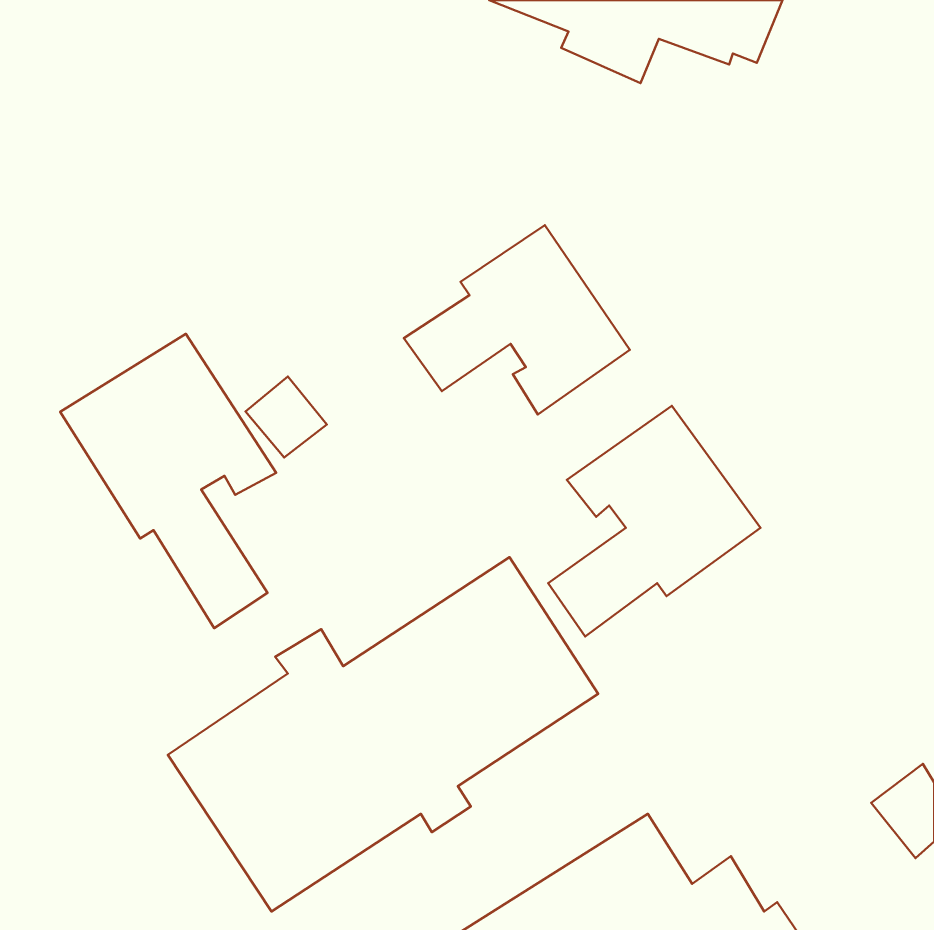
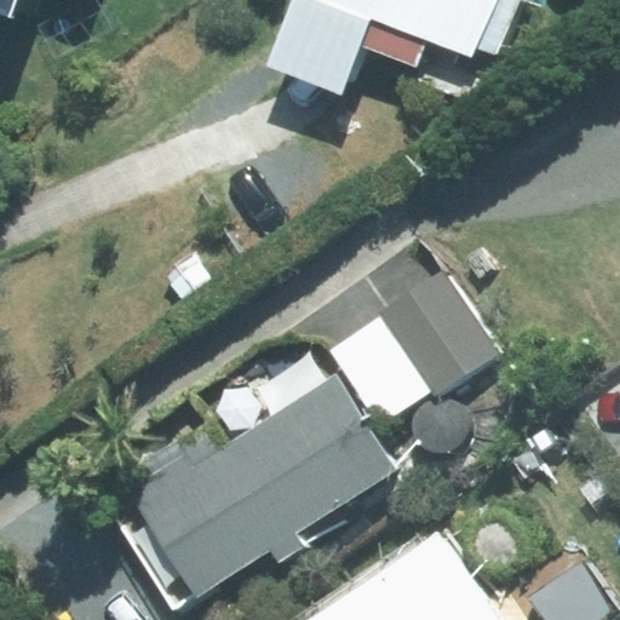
building: [404,225,630,415] -> none
building: [60,334,276,628] -> none

